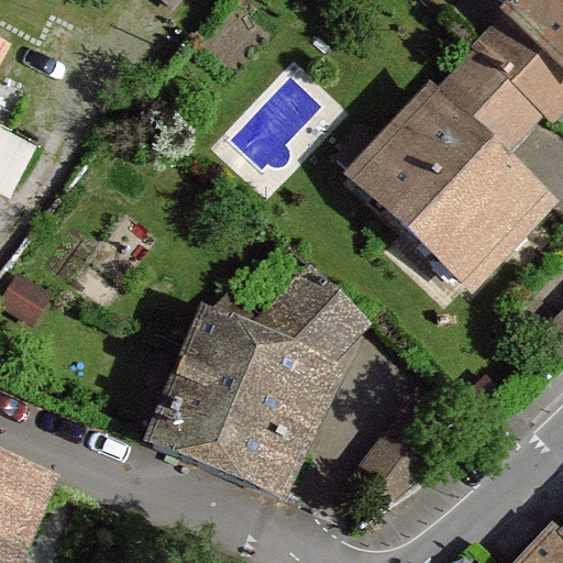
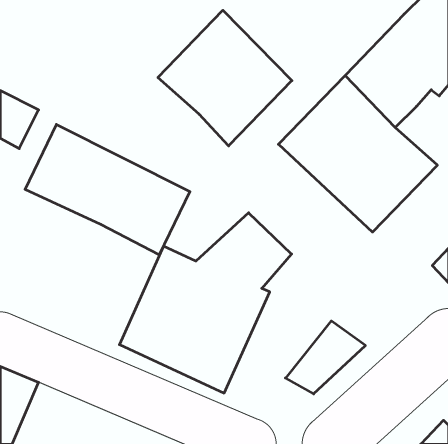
building: none -> [158,10,292,146]
building: none -> [25,124,190,255]

